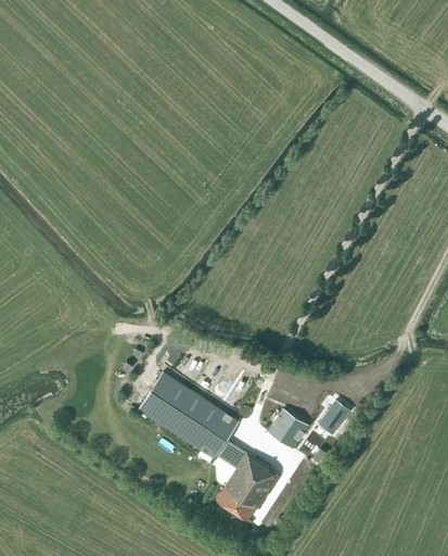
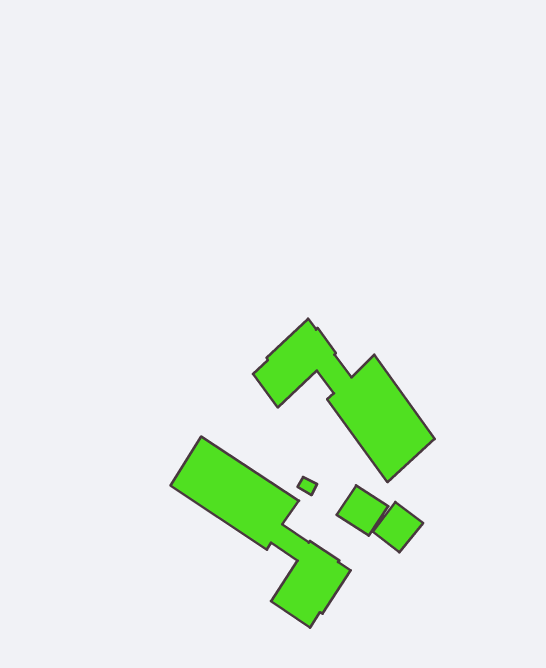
building: none -> [253,319,435,482]
building: [319,400,349,432] -> none

